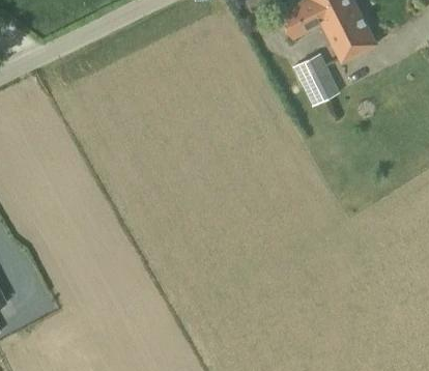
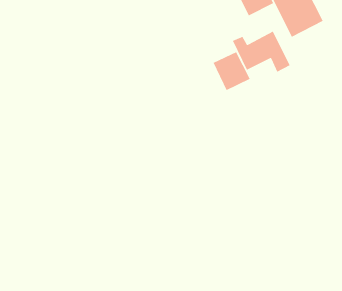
building: none -> [212,51,251,91]

